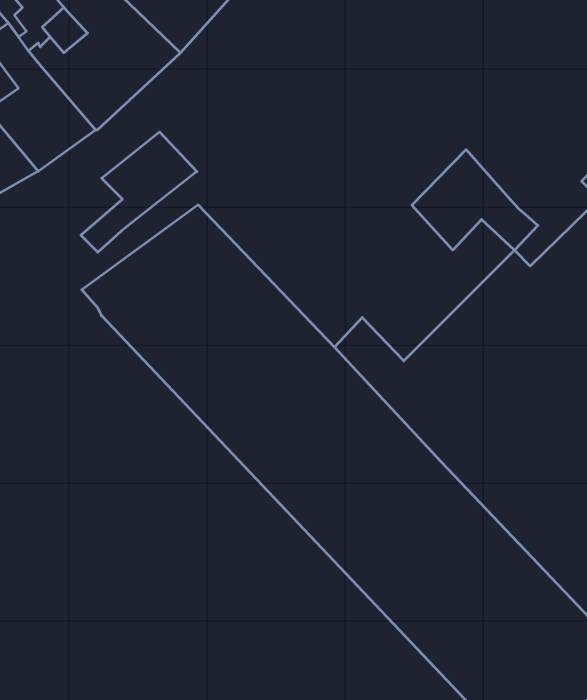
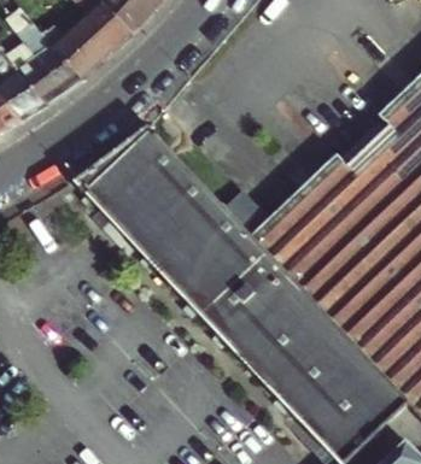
building: [81,132,197,252] -> none
building: [412,150,538,250] -> none

